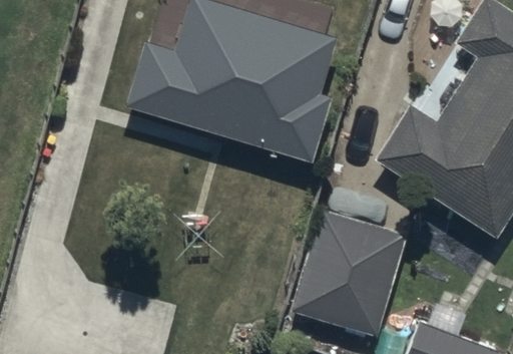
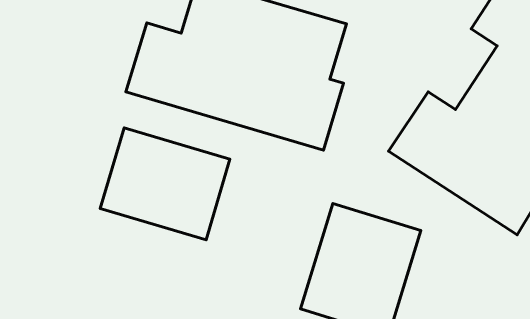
building: none -> [100,128,230,240]

